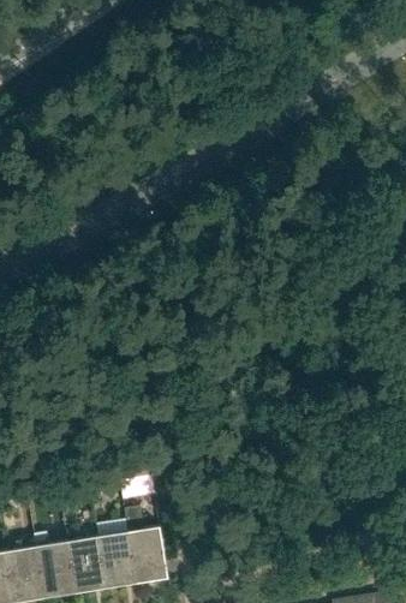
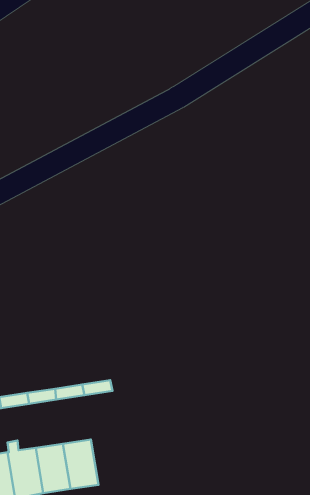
building: [123,508,166,583] -> none

